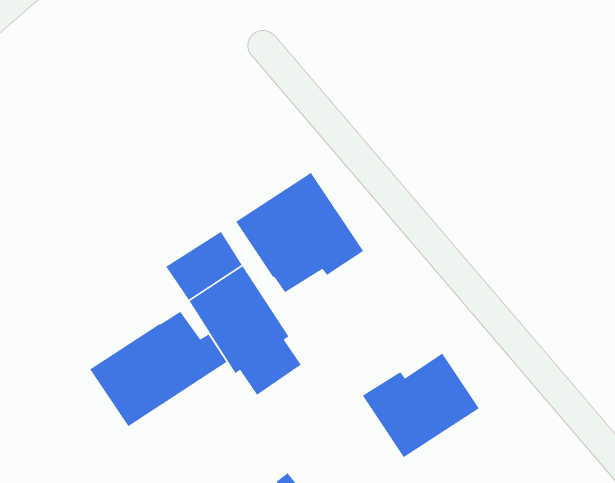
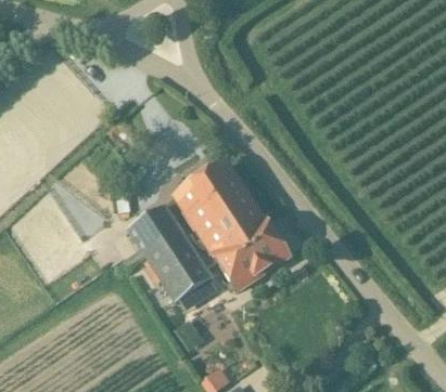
building: [89,311,227,427] -> none
building: [351,352,480,458] -> [199,214,289,288]

